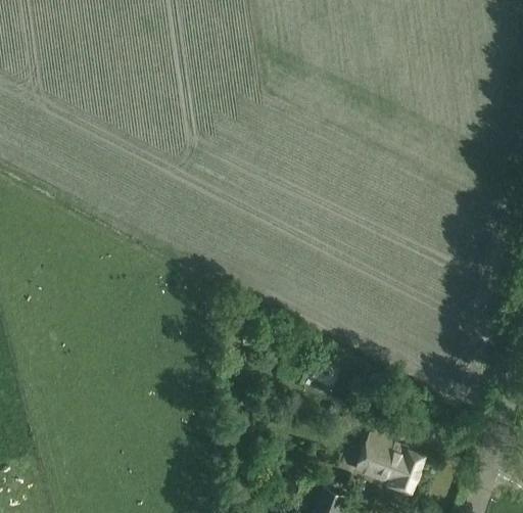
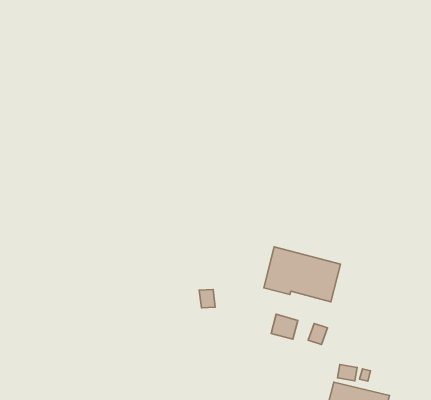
building: none -> [264,247,340,302]

